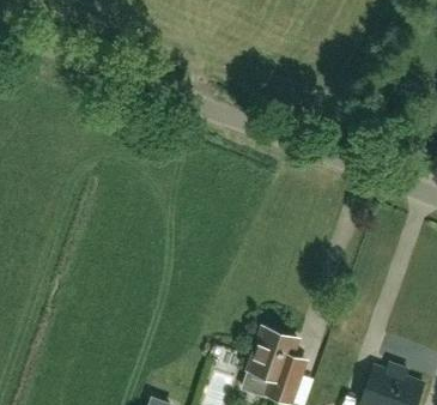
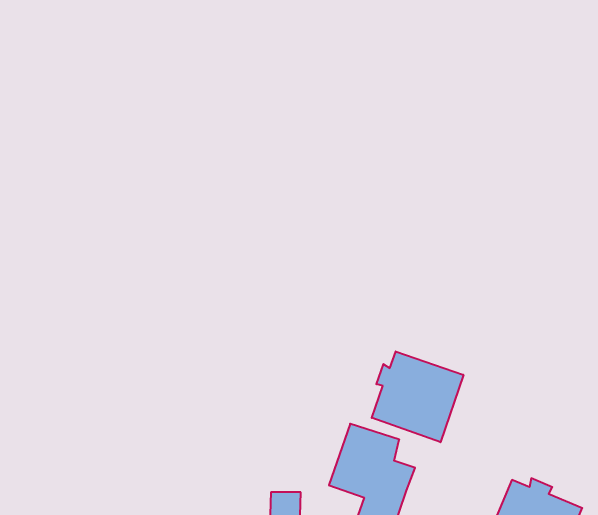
building: none -> [372,351,463,442]

